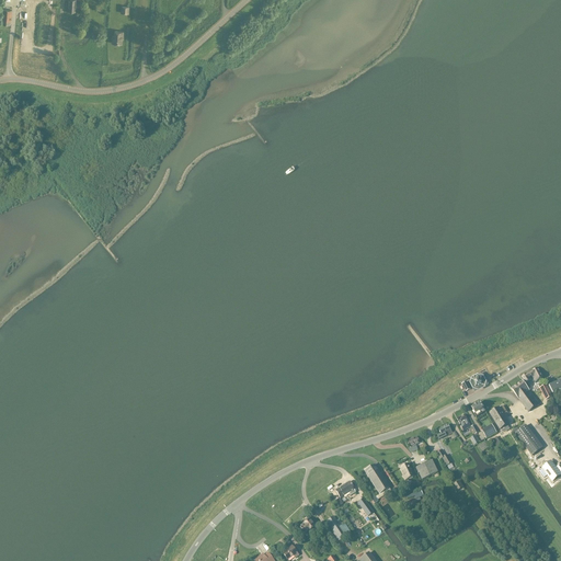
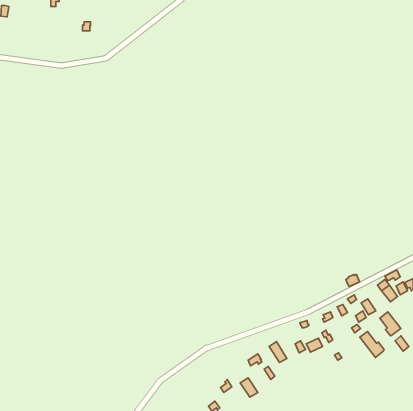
building: none -> [360,332,384,357]

